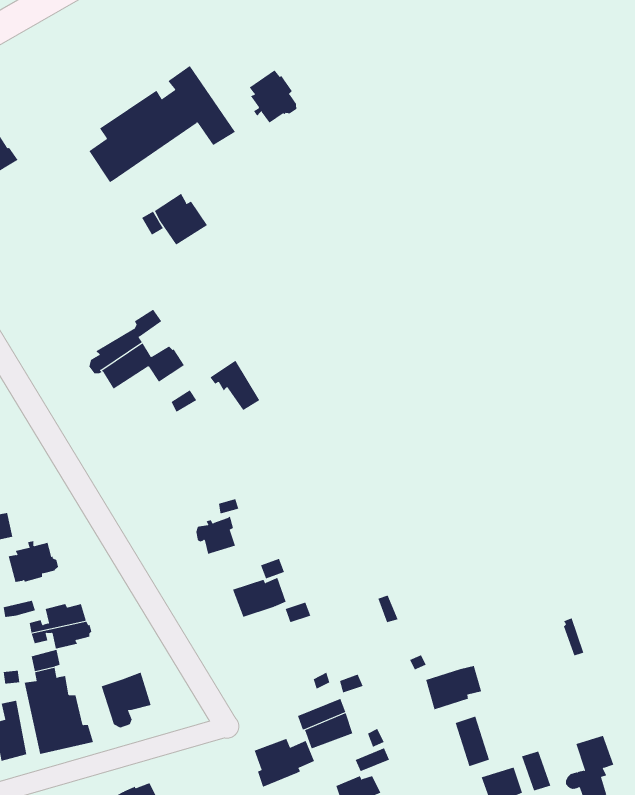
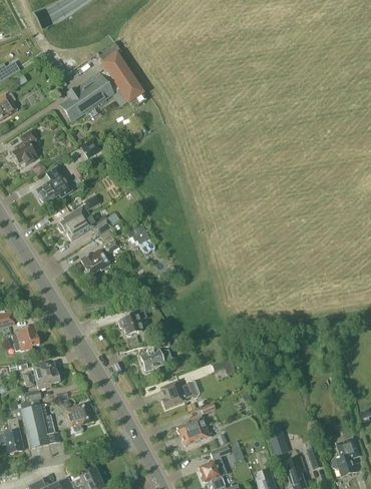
building: [249,69,298,124] -> none
building: [154,193,208,246] -> none
building: none -> [11,129,38,165]
building: none -> [34,165,72,205]
building: none -> [80,250,110,275]
building: [426,665,482,710] -> none
building: [254,738,315,787] -> [159,381,195,409]

